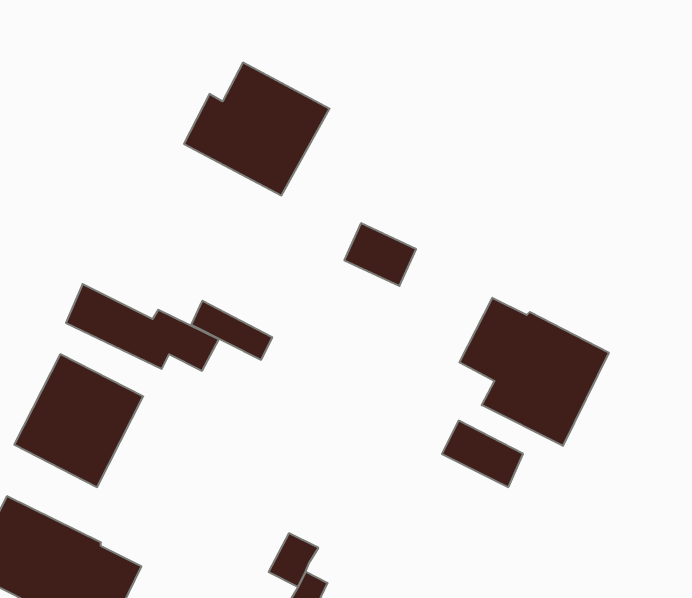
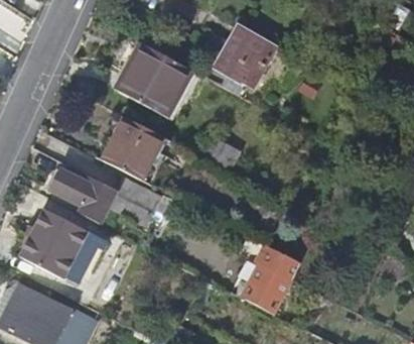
building: none -> [220,27,276,88]
building: none -> [104,119,164,181]
building: [459,298,609,446] -> none
building: none -> [251,266,289,314]

